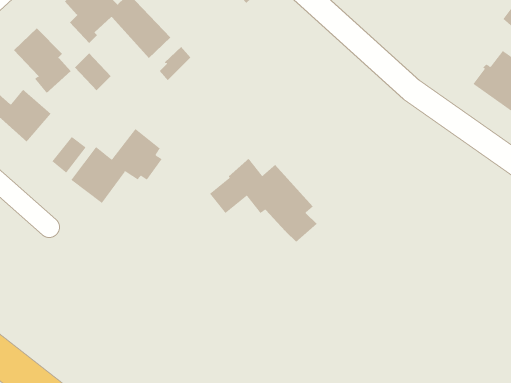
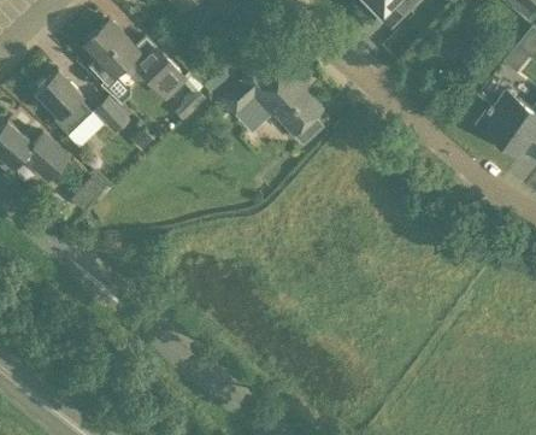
building: [71,128,162,204] -> none
building: [209,158,317,243] -> [218,61,323,143]

